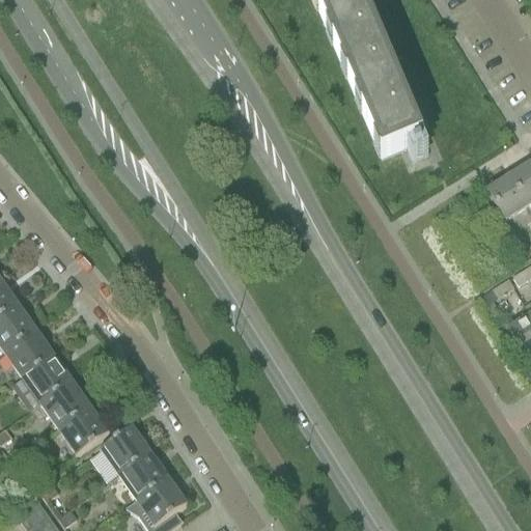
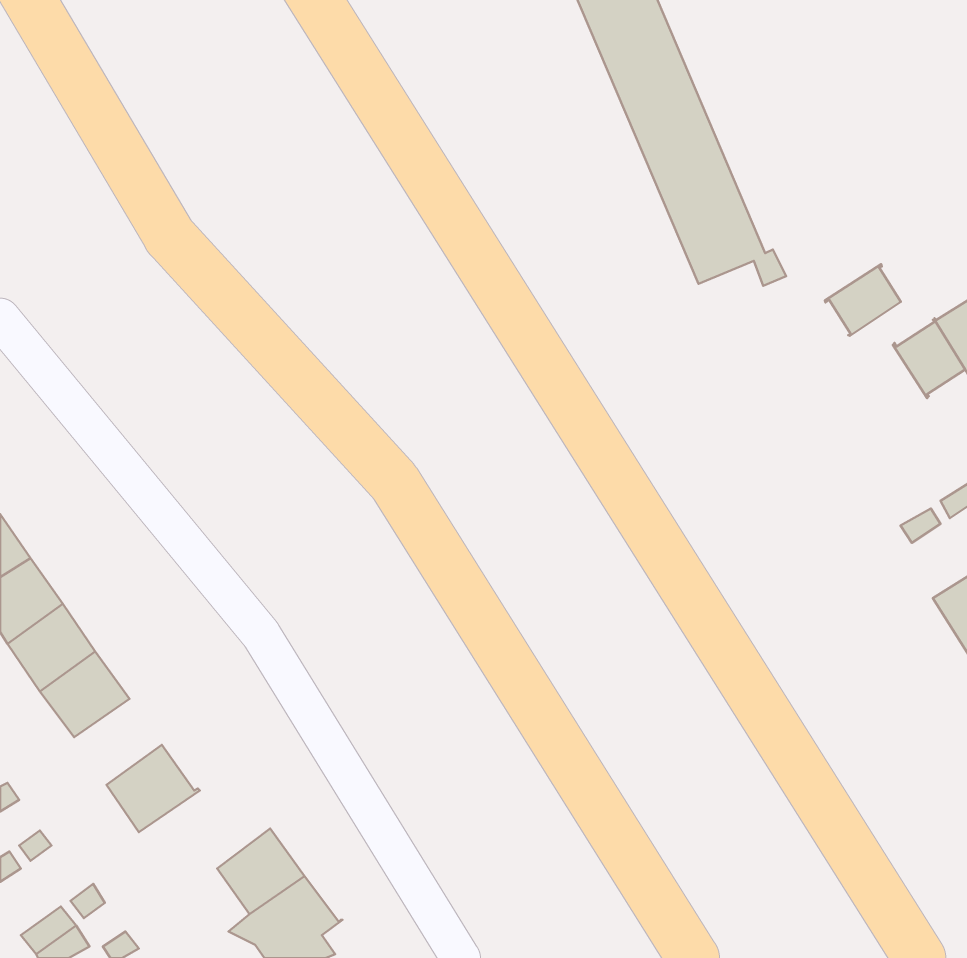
building: none -> [825,264,901,336]
building: [44,381,91,427] -> none
building: [103,423,150,473] -> none

